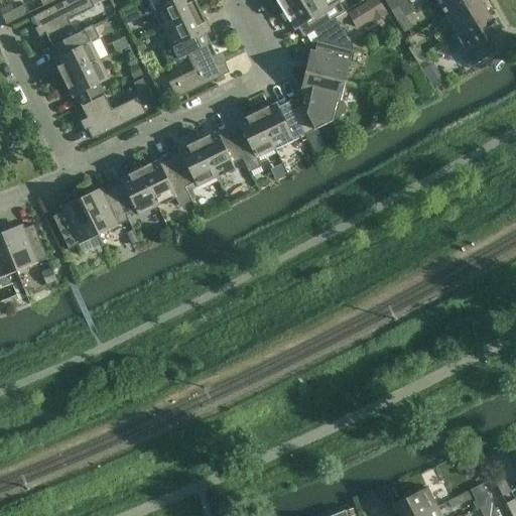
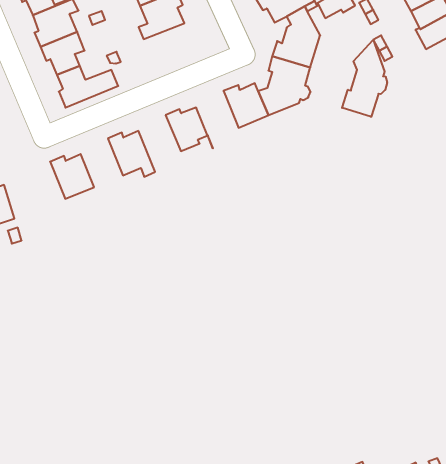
building: [168,42,230,97] -> none
building: none -> [342,40,387,117]
building: [229,110,274,170] -> none
building: [170,139,216,199] -> none
building: [112,167,157,223] -> none
building: [52,196,99,248] -> none

